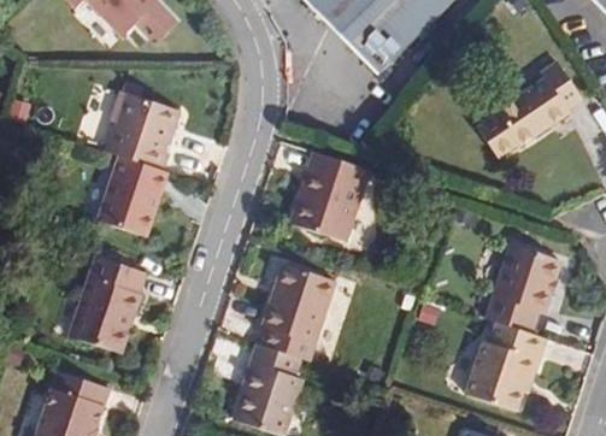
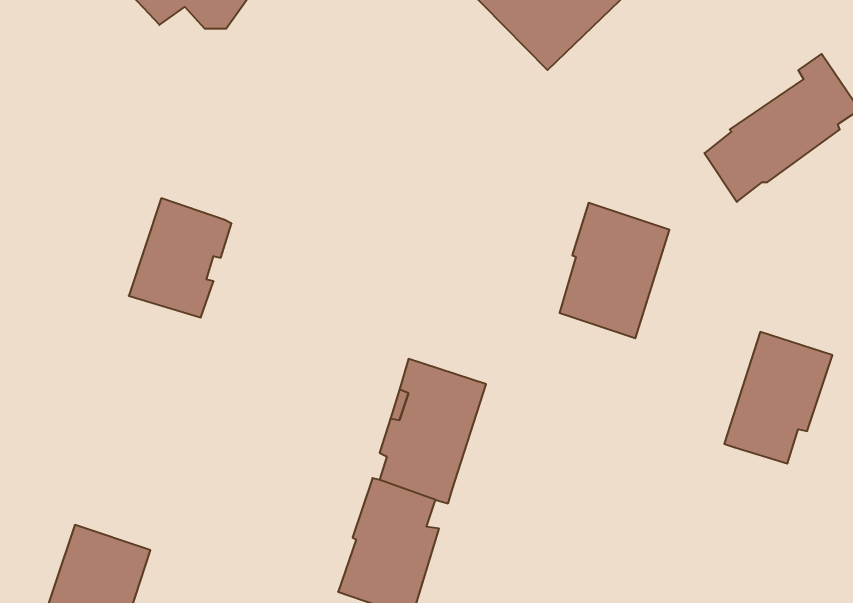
building: [106,92,177,169] -> none
building: [294,153,367,243] -> [560,203,670,338]
building: [73,258,145,352] -> none
building: [471,320,551,408] -> none

